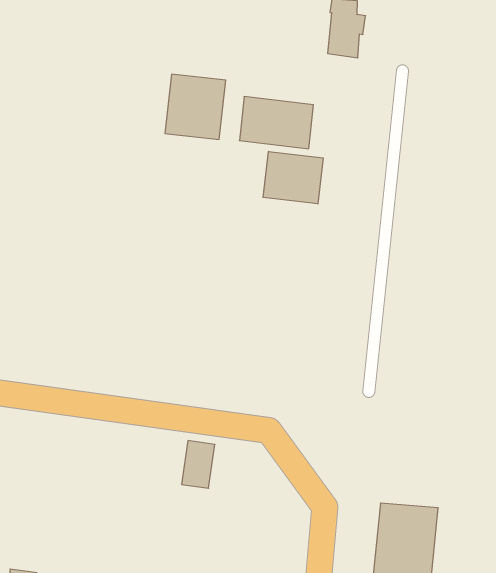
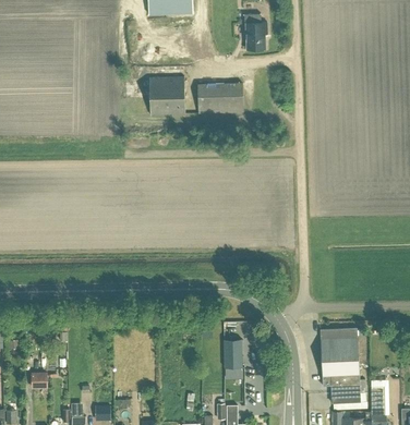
building: [263,151,323,204] -> none
building: [182,441,215,488] -> [225,338,242,366]

